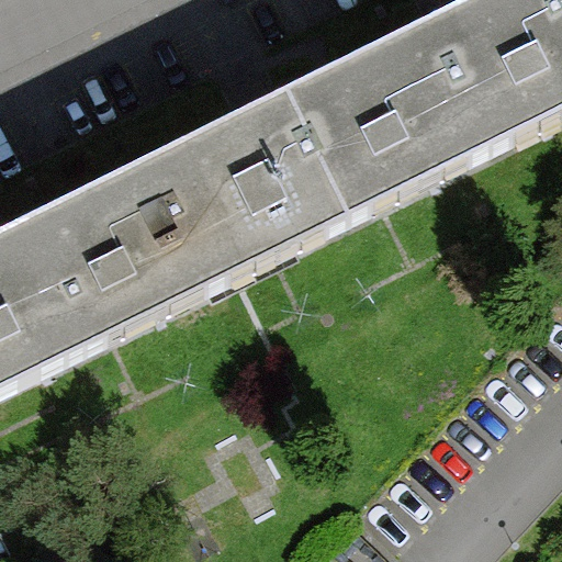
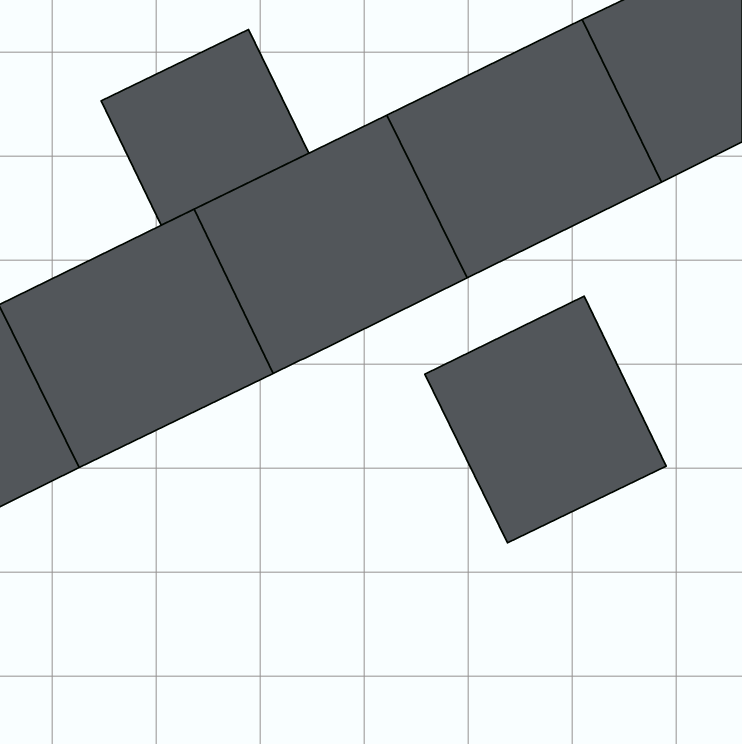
building: none -> [101,29,309,225]
building: none -> [425,296,666,543]

